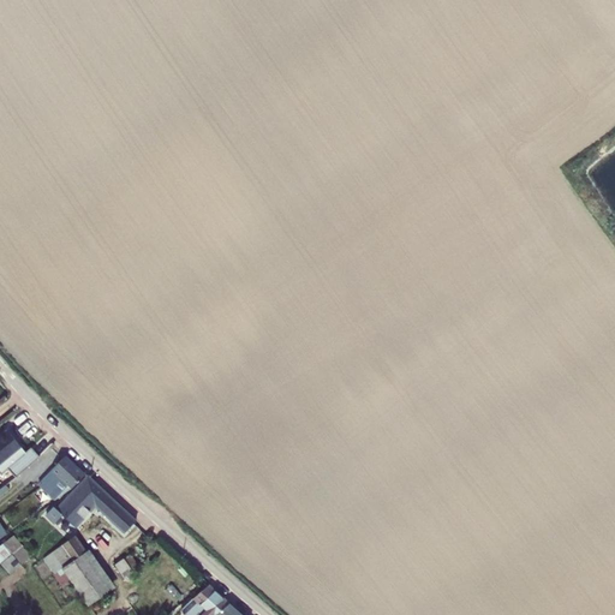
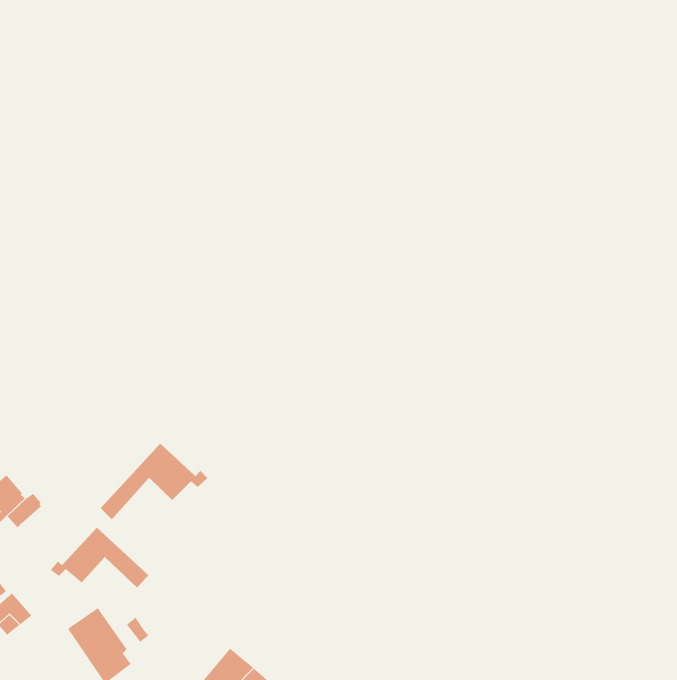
building: none -> [100,443,208,520]
building: [40,455,84,501] -> none
building: [41,536,84,574] -> none

